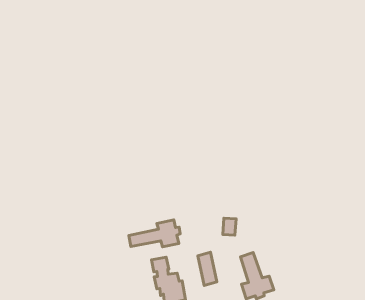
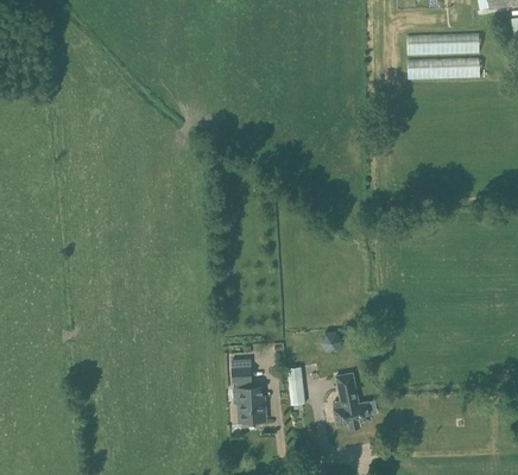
building: [129,220,180,247] -> none

